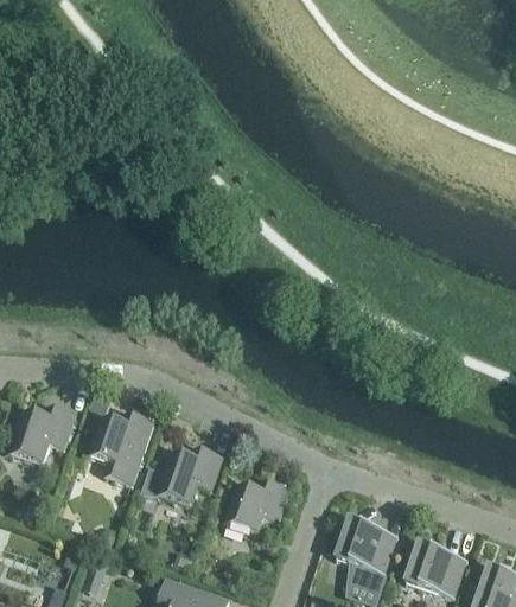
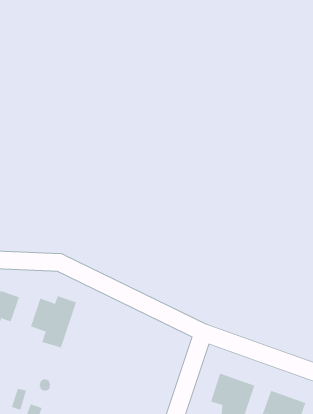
building: [141,447,222,506] -> none
building: [224,480,288,533] -> none

